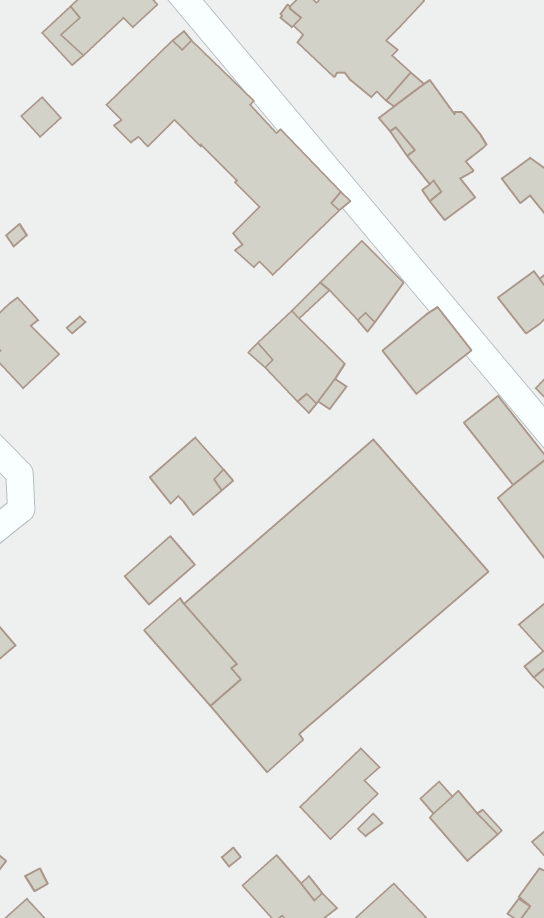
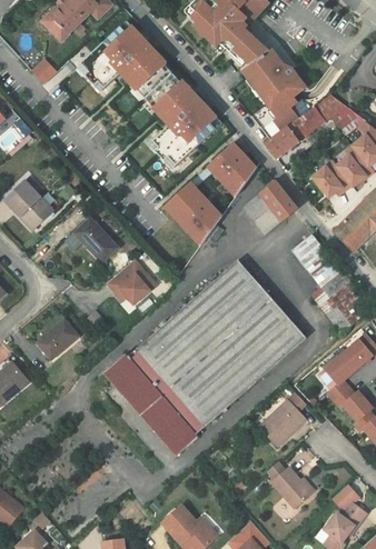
building: none -> [265,107,325,159]
building: none -> [66,218,118,262]
building: [125,536,195,604] -> [37,319,78,359]
building: [300,748,380,839] -> [259,392,306,446]

